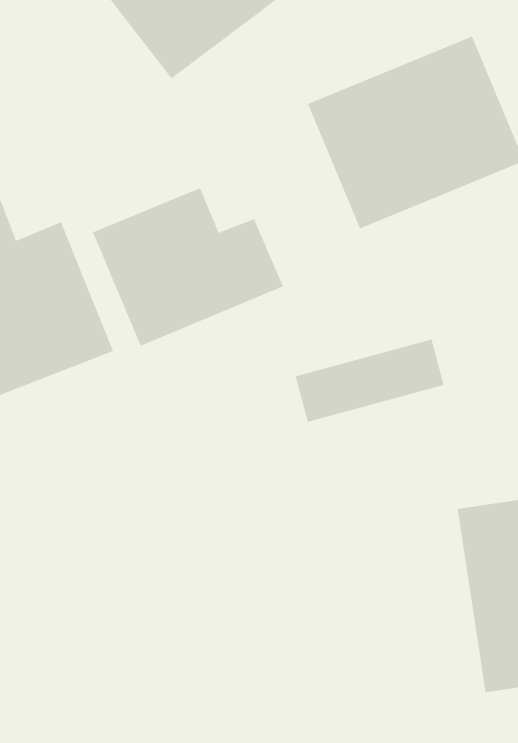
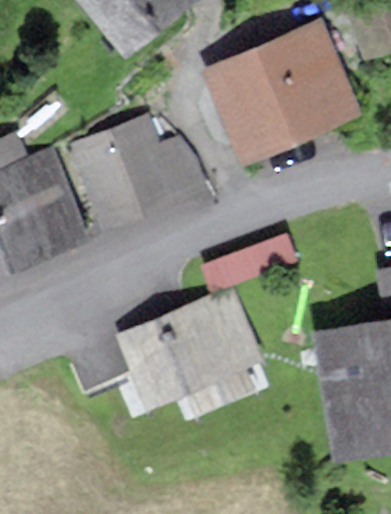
building: none -> [126,290,258,404]

